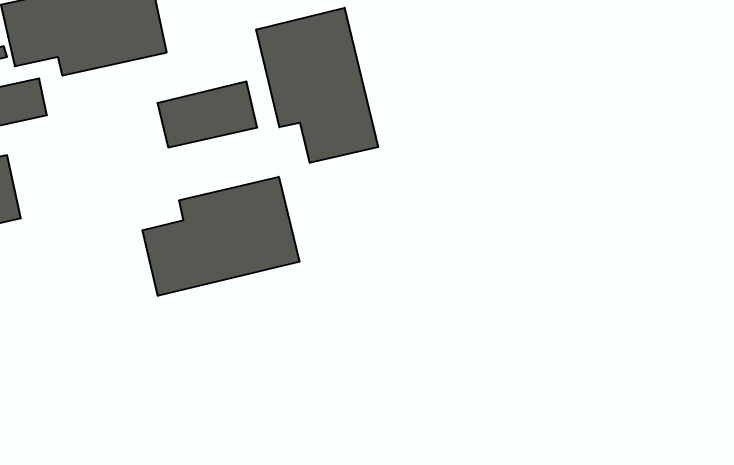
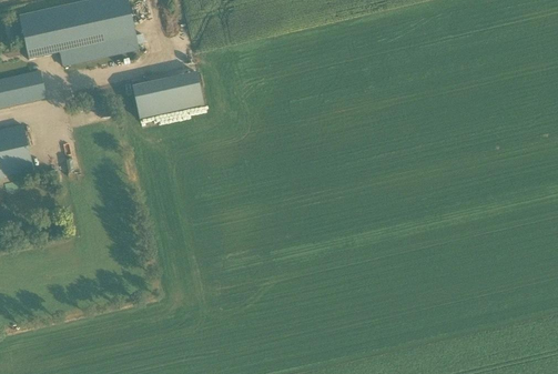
building: [256,8,378,163] -> none
building: [143,177,300,296] -> none

